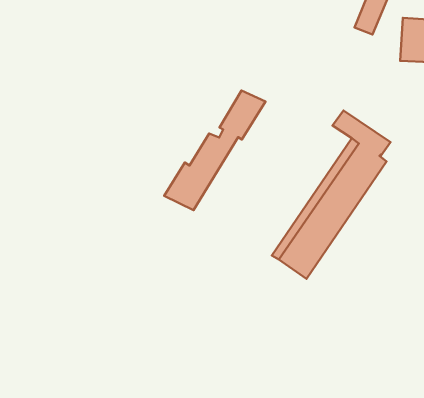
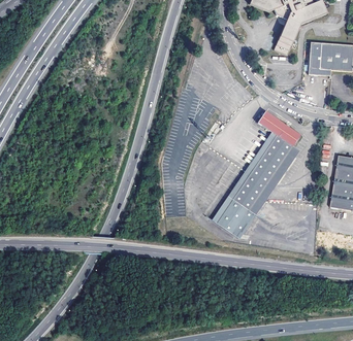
building: [164,91,266,210] -> none

